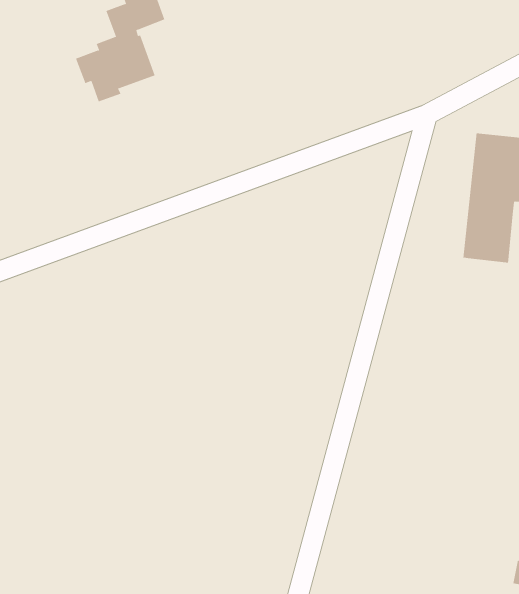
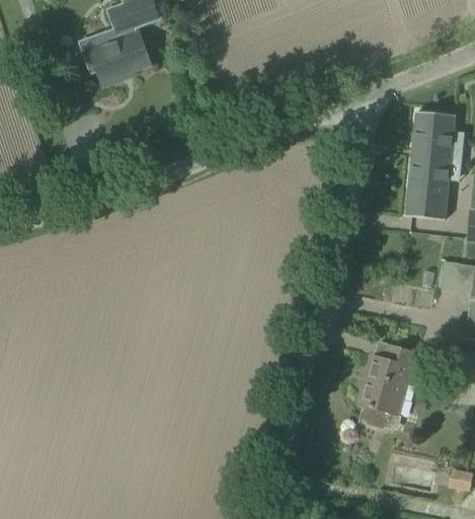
building: none -> [359,343,416,427]

